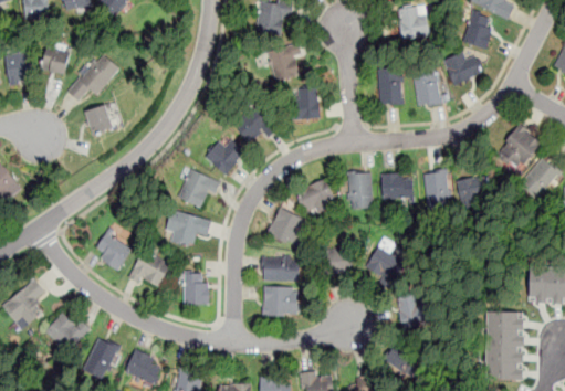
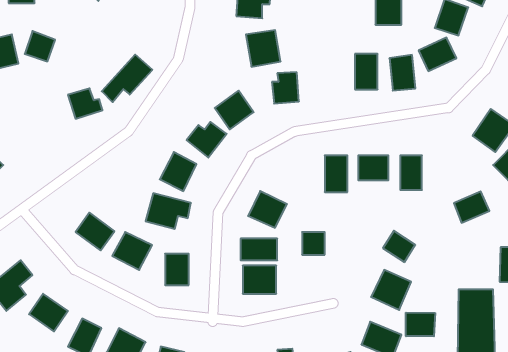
building: [67,53,119,102] -> [102,55,152,102]
building: [456,172,492,204] -> [454,191,489,223]
building: [296,180,335,214] -> none
building: [368,249,401,281] -> [383,231,415,262]
building: none -> [406,313,435,336]

